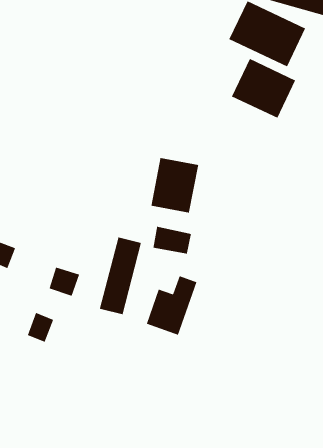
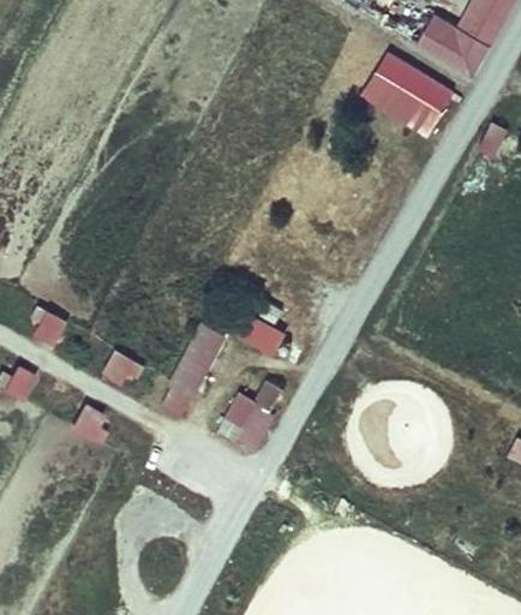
building: [231,58,296,119] -> none
building: [151,157,199,214] -> none

